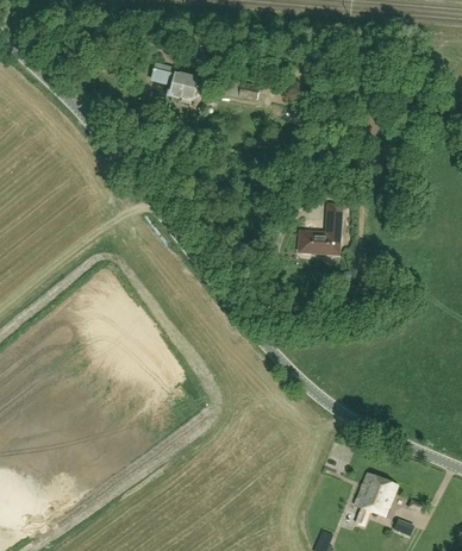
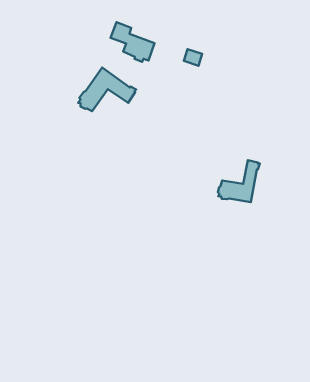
building: none -> [78,68,136,111]

